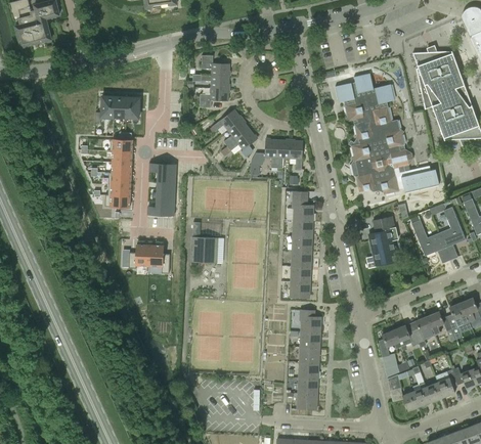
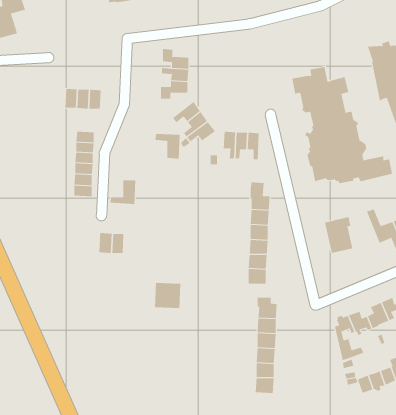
building: [149,163,176,189] -> [155,133,180,159]
building: [190,235,218,262] -> [154,282,181,308]

